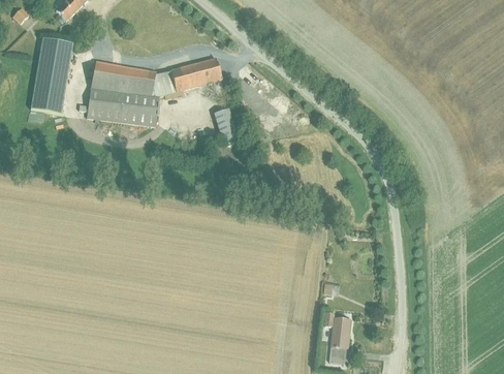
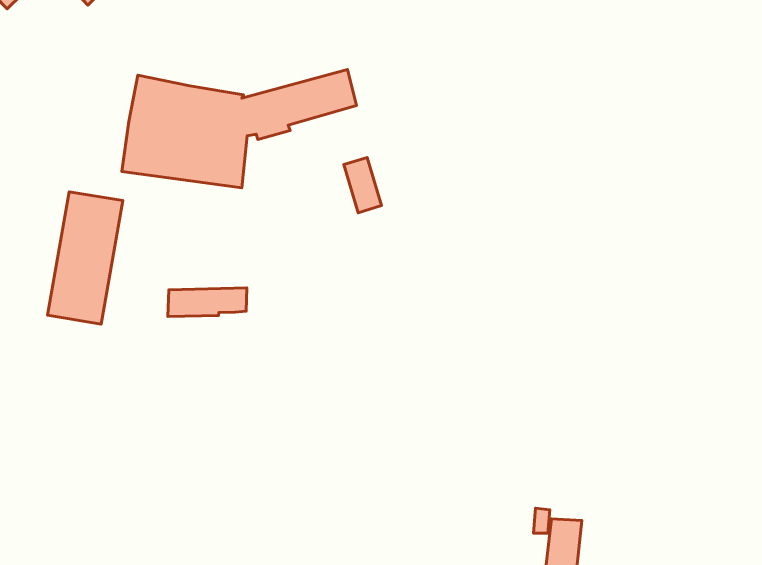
building: [31,36,74,113] -> [48,192,123,324]
building: none -> [168,288,247,316]

